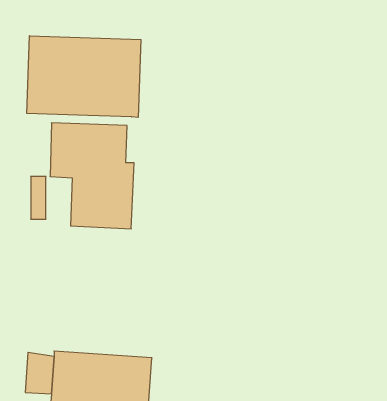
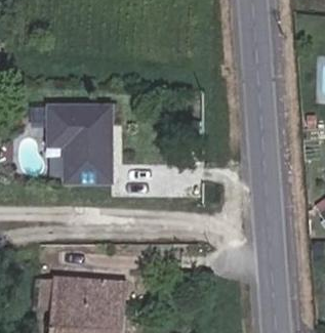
building: [27,36,141,117] -> none

